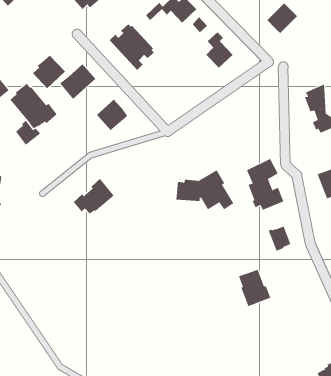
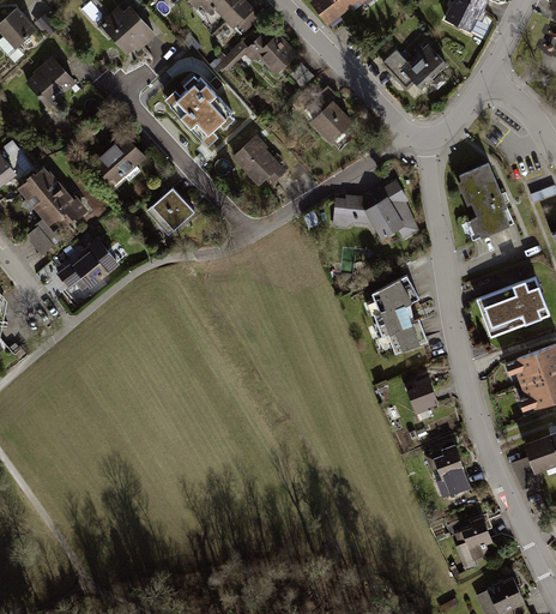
building: none -> [379,49,413,91]
building: [32,55,66,89] -> [25,55,75,107]
building: none -> [231,133,286,186]
building: [176,169,234,210] -> [332,180,419,241]
building: [73,178,114,214] -> [56,237,119,291]
building: [238,269,271,307] -> [424,445,473,501]
building: none -> [455,516,491,571]

